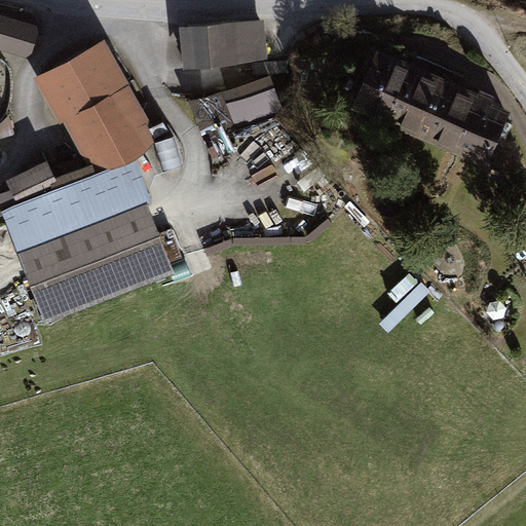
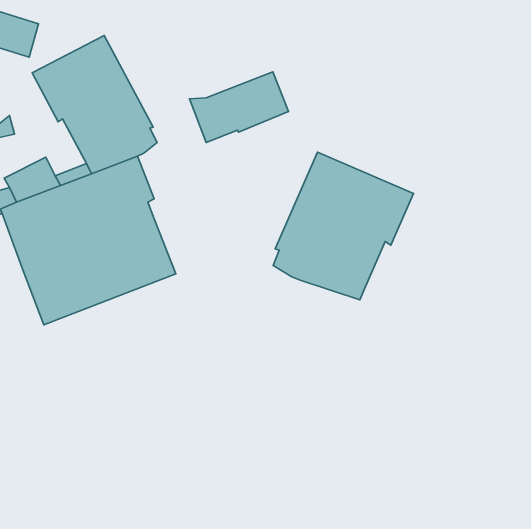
building: [179,20,267,68] -> none
building: [351,48,511,166] -> none
building: none -> [273,152,413,300]

